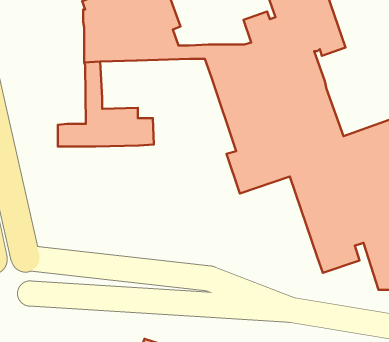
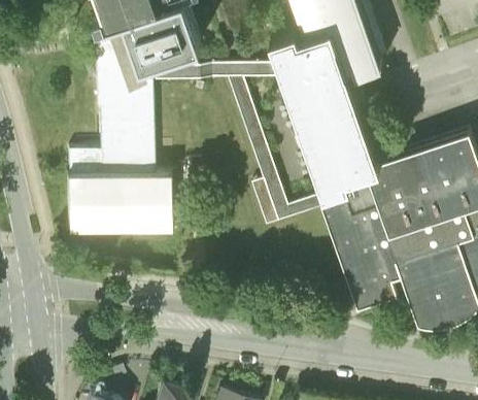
building: none -> [113,81,155,134]
building: none -> [65,173,173,231]

